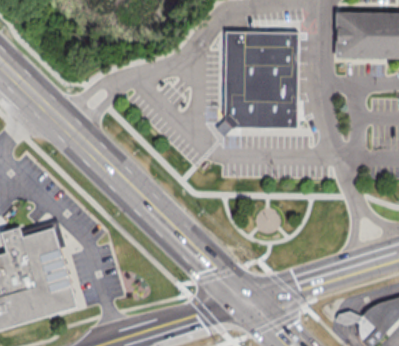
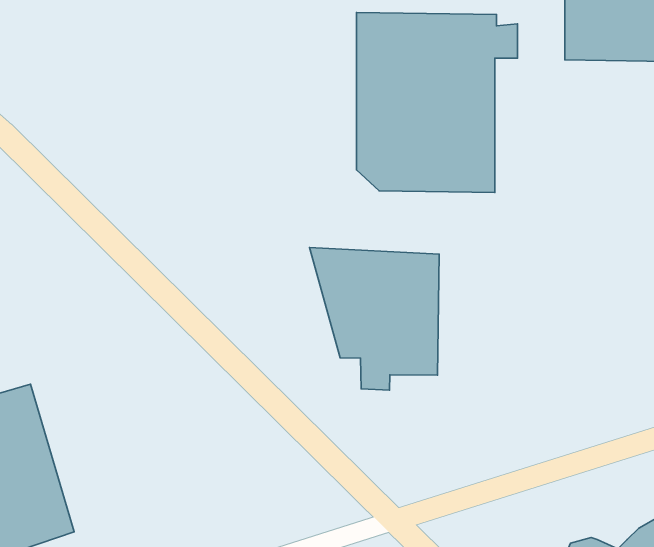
building: none -> [309,247,439,390]

